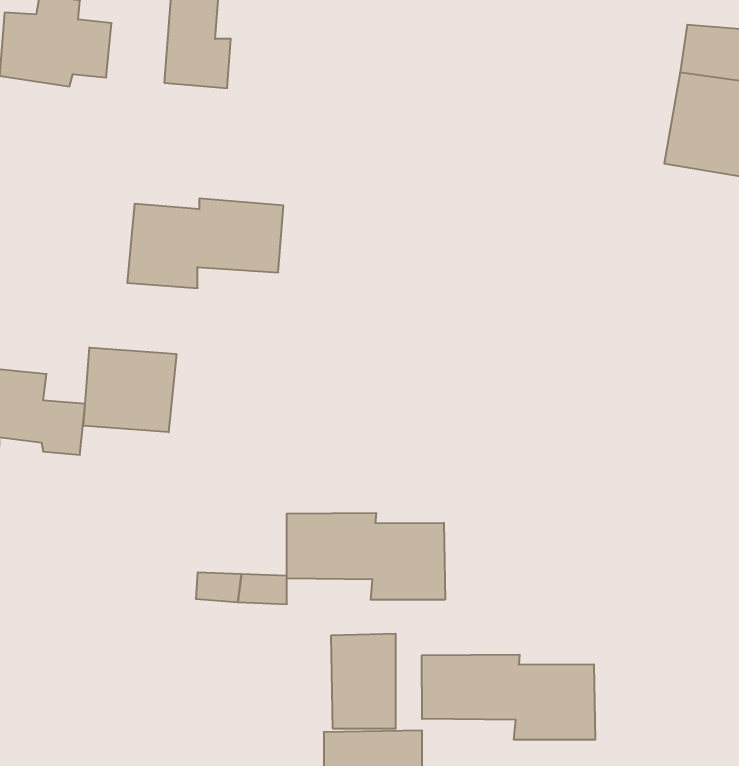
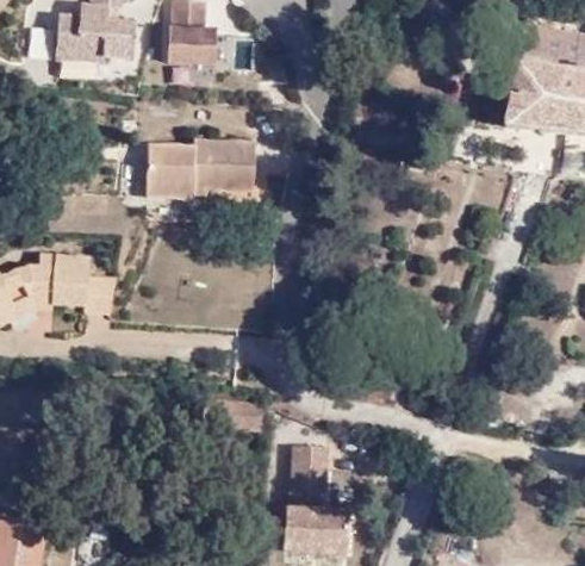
building: [84,347,176,432] -> none
building: [287,513,445,600] -> none
building: [422,655,595,740] -> none

